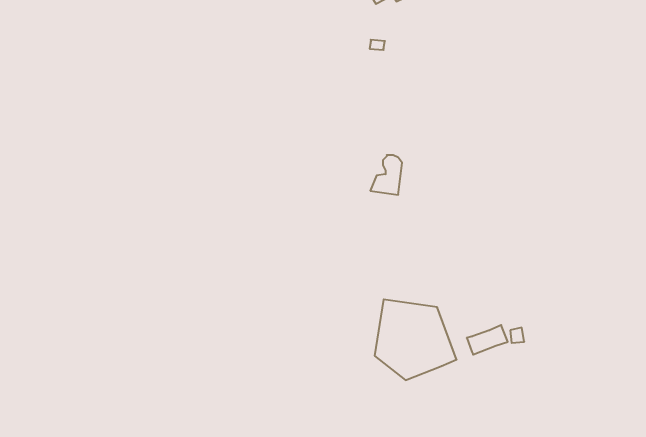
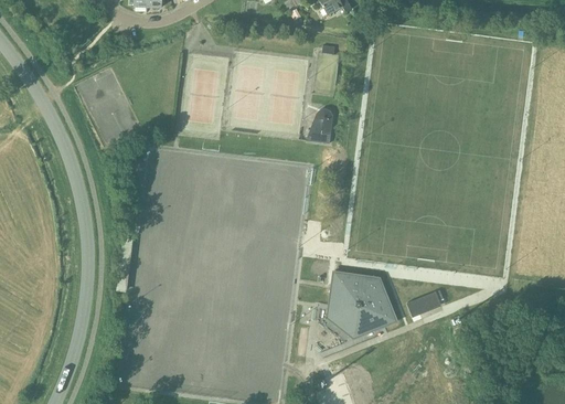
building: [370,155,402,195] -> [306,108,333,142]

